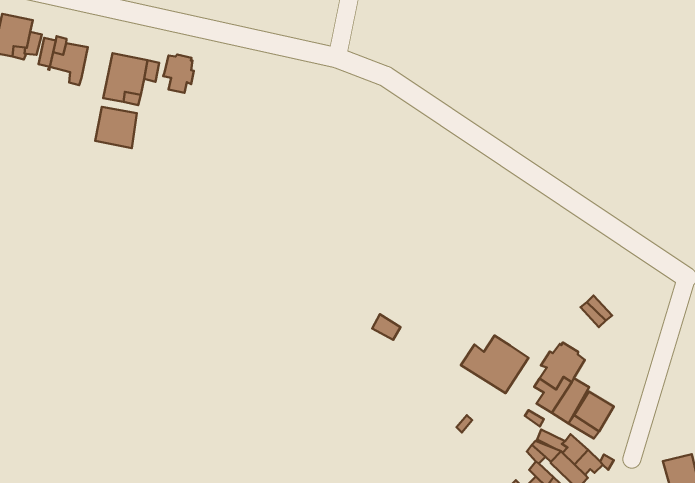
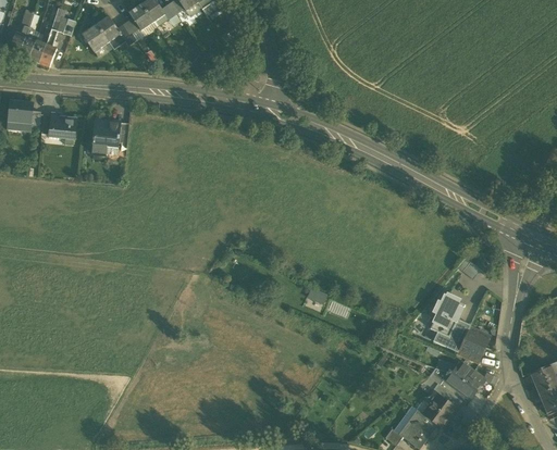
building: [163,55,194,93] -> none
building: [95,107,137,148] -> none
building: [461,335,529,393] -> none

